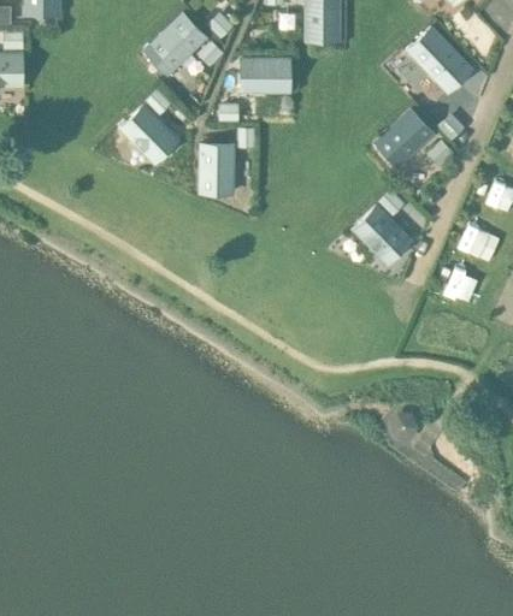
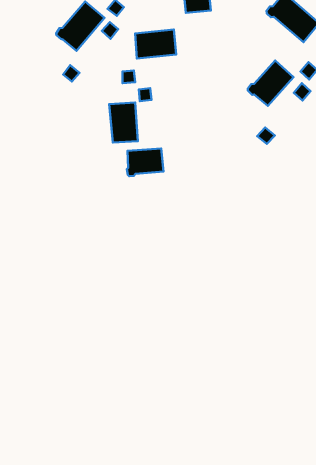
building: [119,105,178,161] -> none
building: none -> [127,149,163,176]
building: [354,206,411,262] -> none

